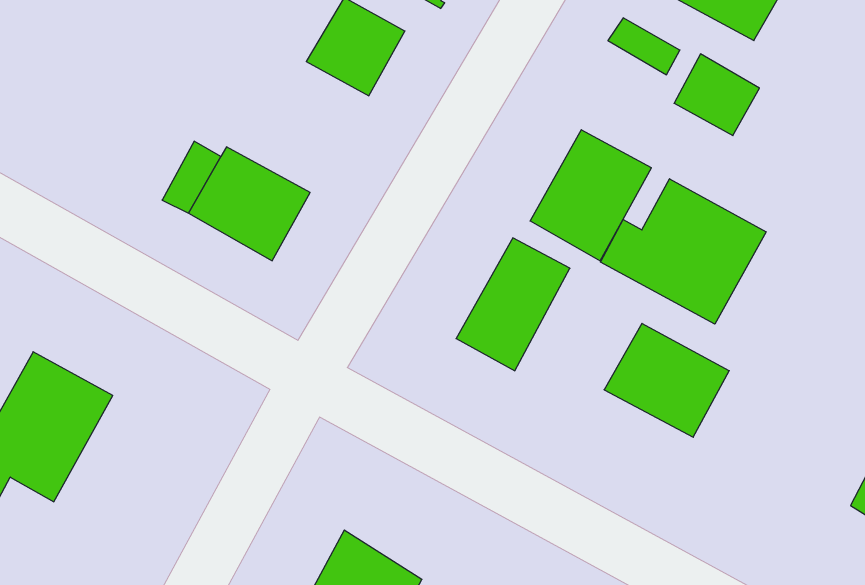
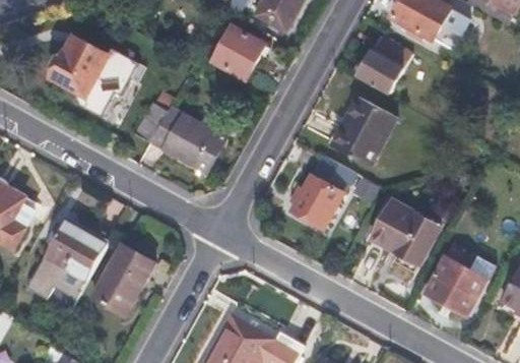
building: none -> [54,37,143,114]
building: [674,54,759,136] -> [359,50,404,94]
building: [600,179,766,324] -> none
building: none -> [91,243,153,314]
building: none -> [427,255,488,315]

